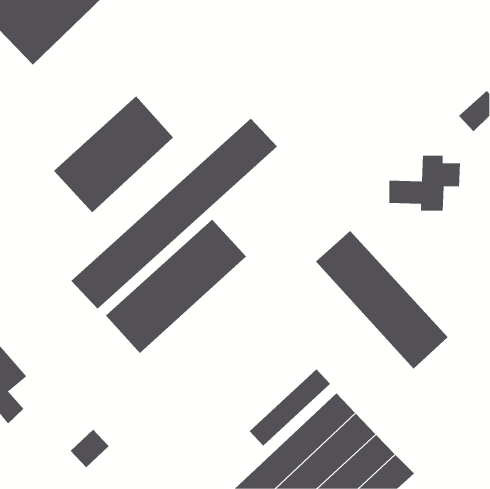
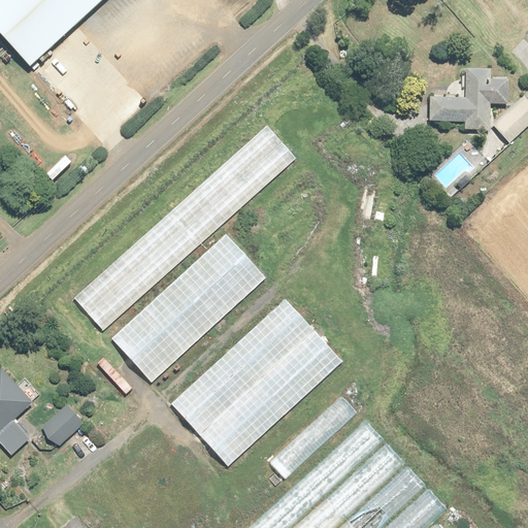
building: [53,96,174,213] -> none
building: [388,155,461,211] -> [428,68,505,128]
building: [315,230,449,370] -> none
building: none -> [173,298,349,468]
building: [70,429,109,468] -> [38,403,80,446]

